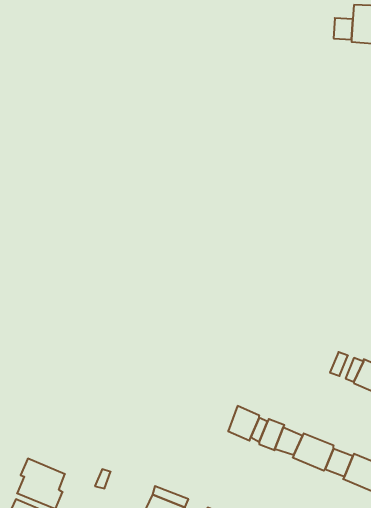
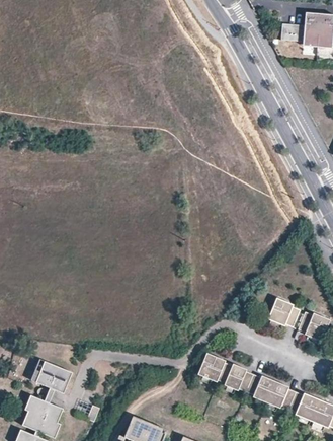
building: none -> [268,297,293,324]
building: none -> [29,360,71,394]

